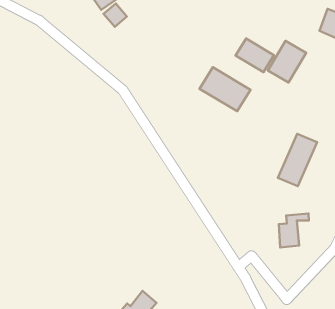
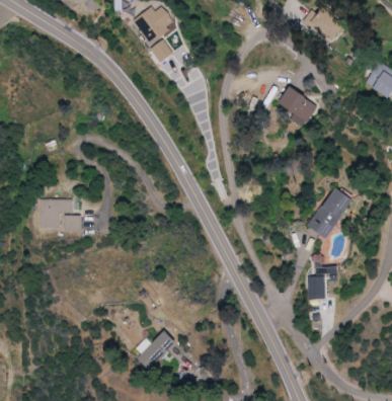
building: [268,41,306,82] -> none
building: [200,67,250,111] -> none
building: none -> [41,199,81,231]

